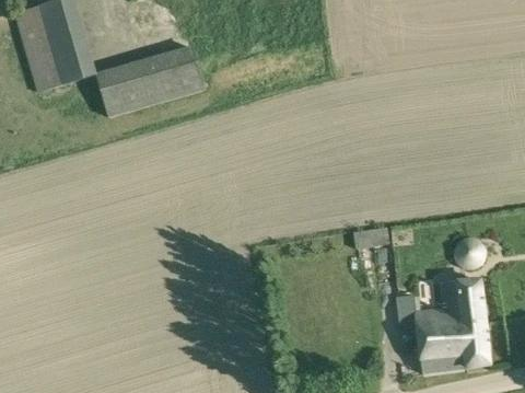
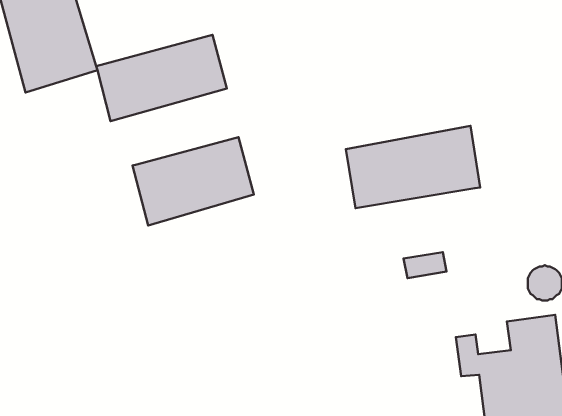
building: none -> [346,126,480,208]
building: none -> [133,137,254,226]

